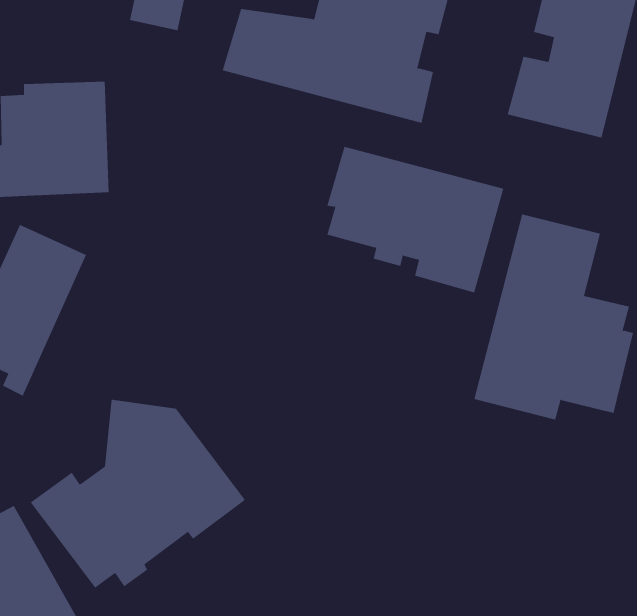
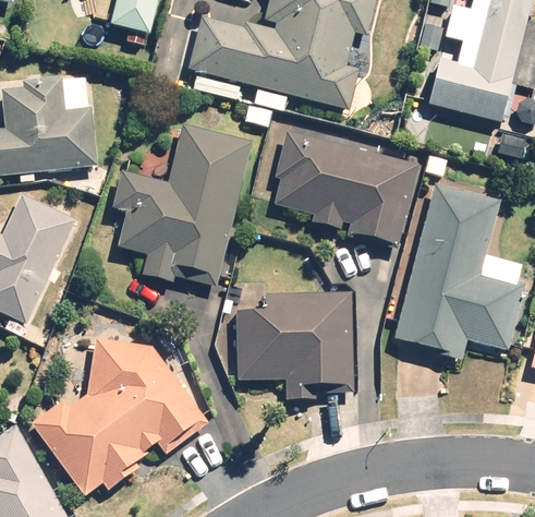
building: none -> [111,121,252,281]
building: none -> [233,292,353,399]

